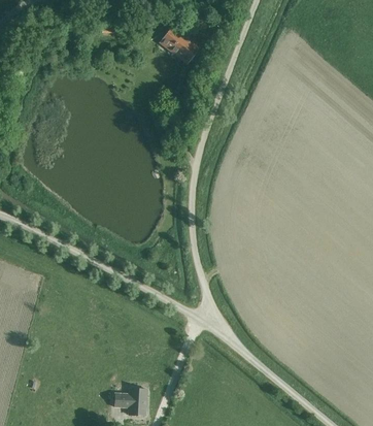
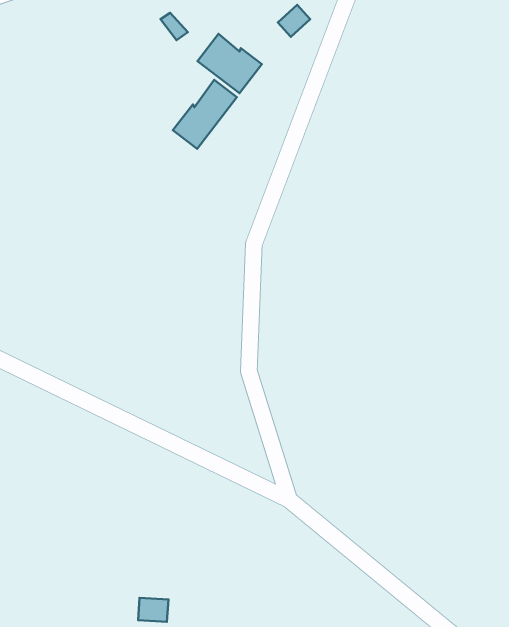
building: none -> [173,80,237,149]

